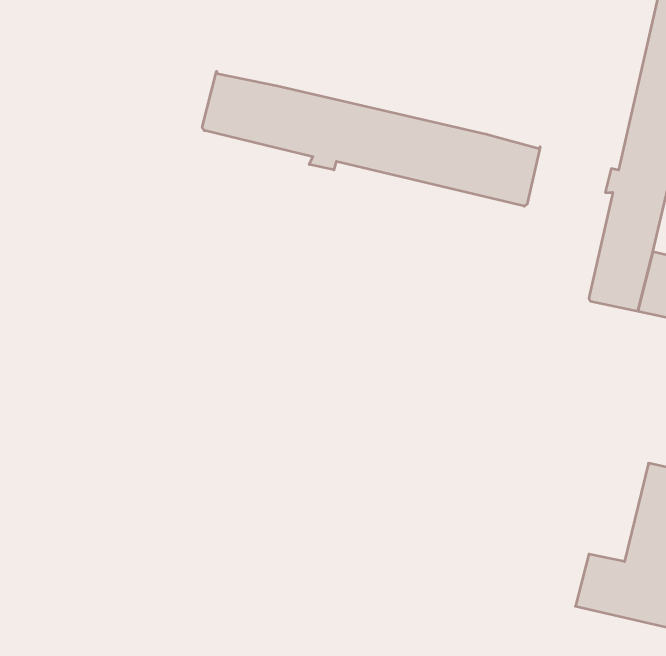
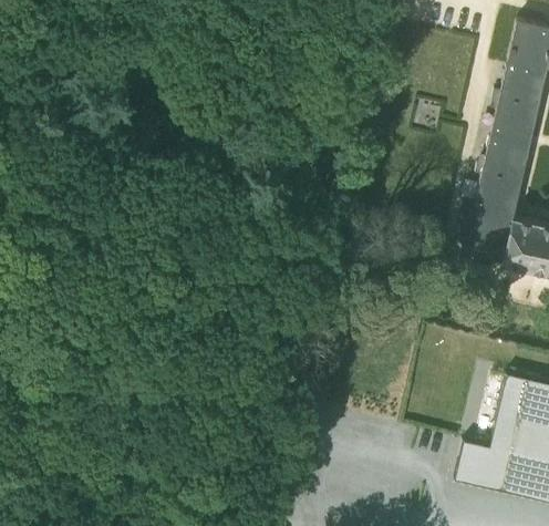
building: [202,71,540,206] -> none

